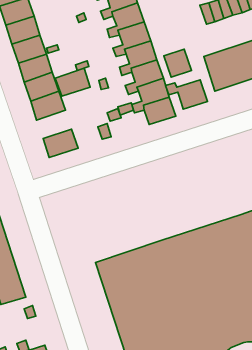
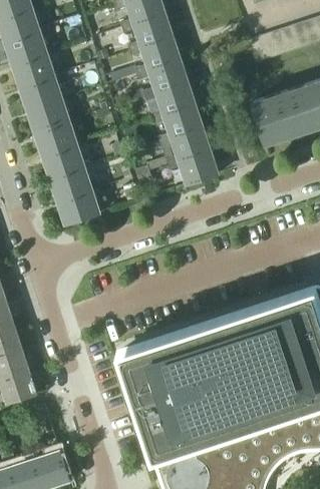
building: [164,49,192,77] -> none
building: [55,68,90,96] -> [49,167,91,201]
building: [166,80,207,109] -> none

